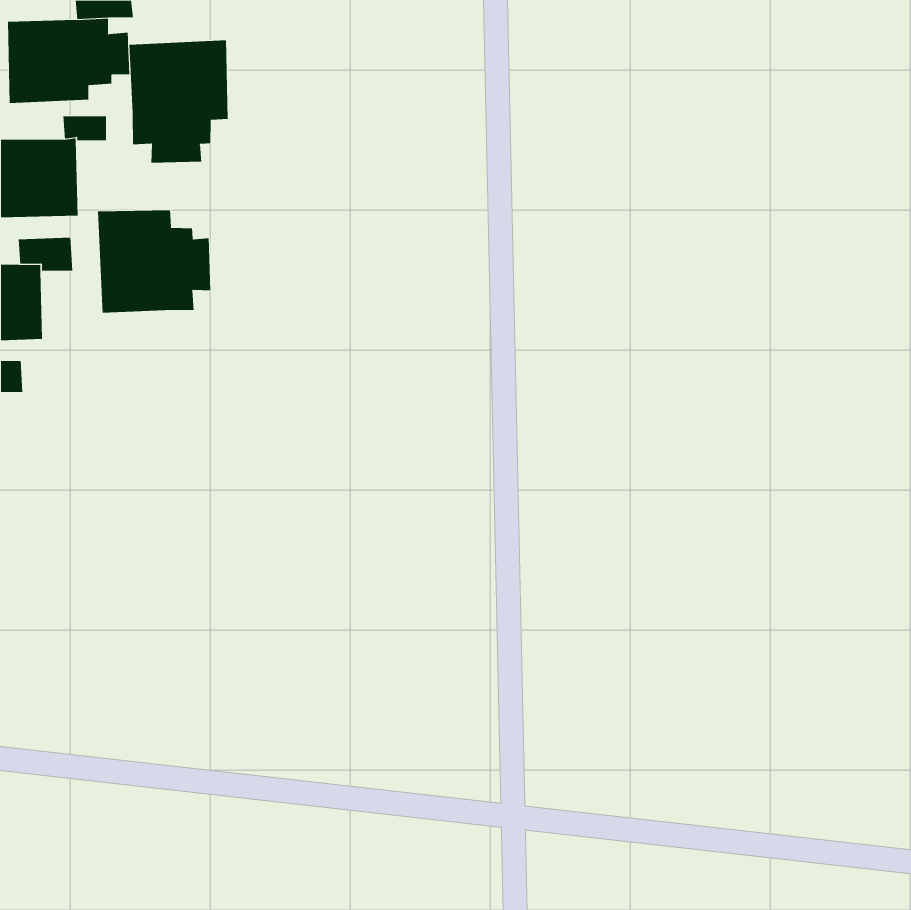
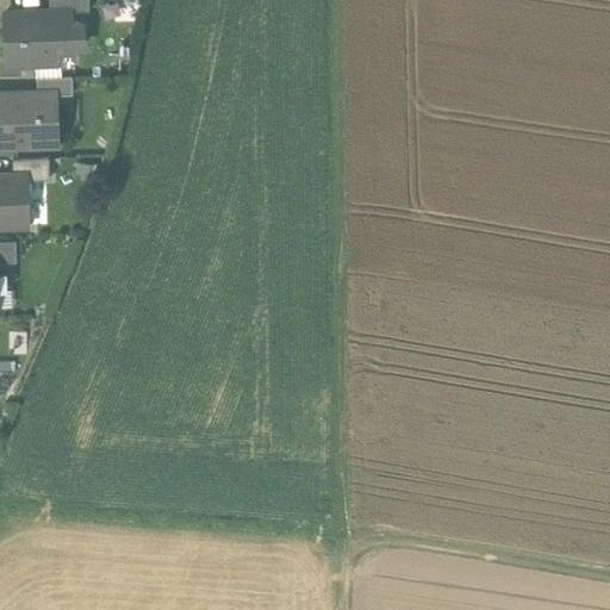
building: [129,39,228,164] -> none
building: [98,209,211,314] -> none

